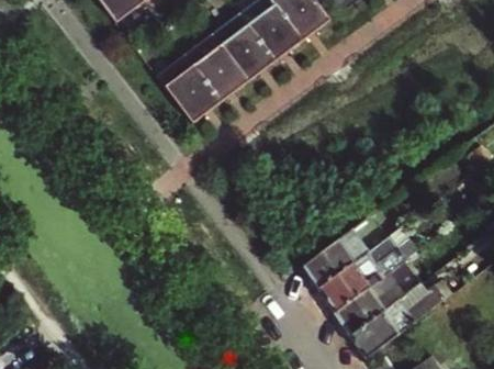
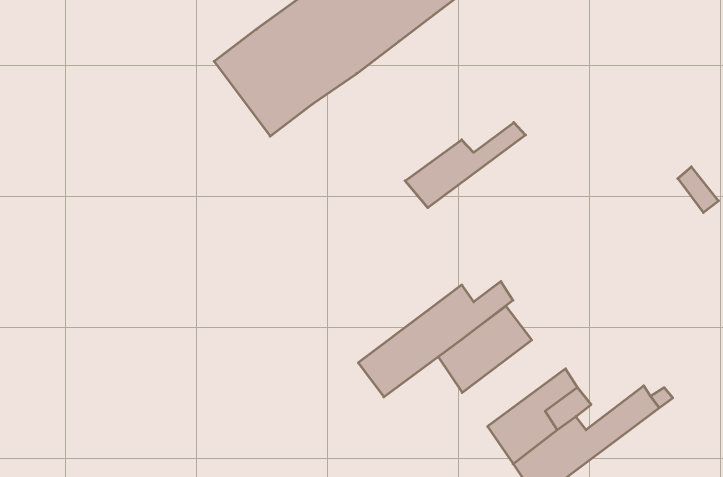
building: none -> [405,122,526,208]
building: [317,235,417,310] -> [358,281,513,397]

